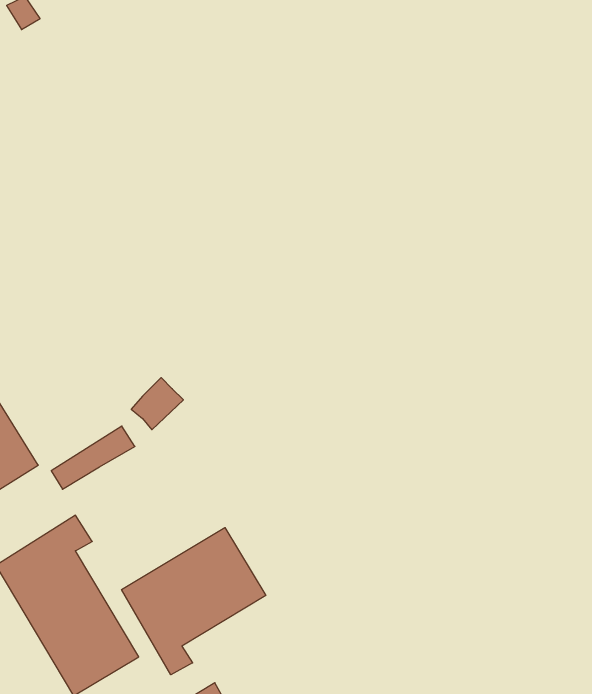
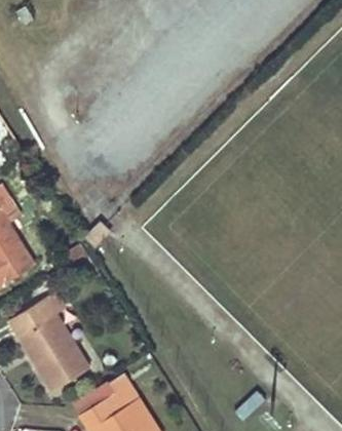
building: [122,528,266,675] -> none

